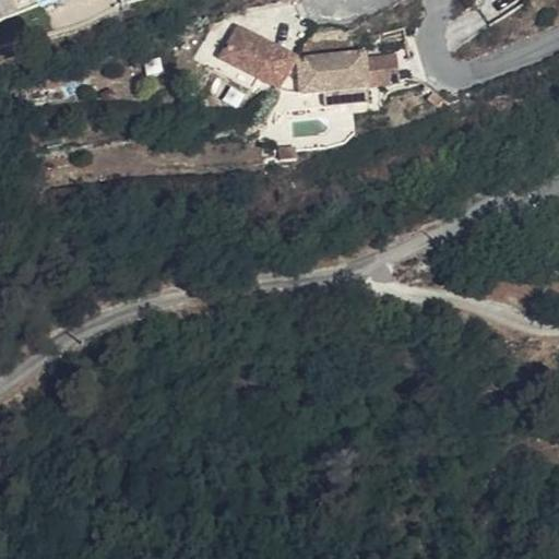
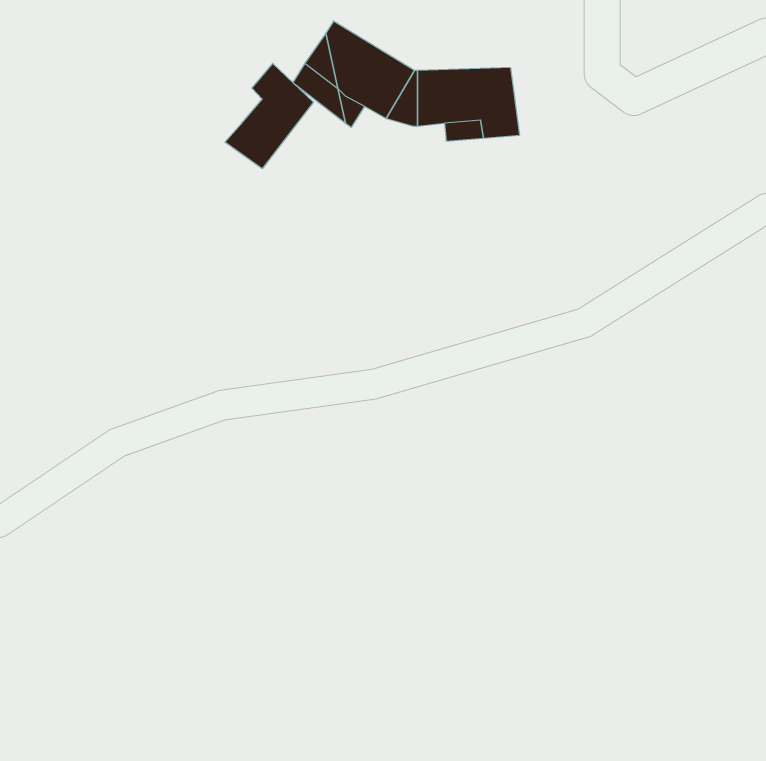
building: none -> [225,63,313,169]

